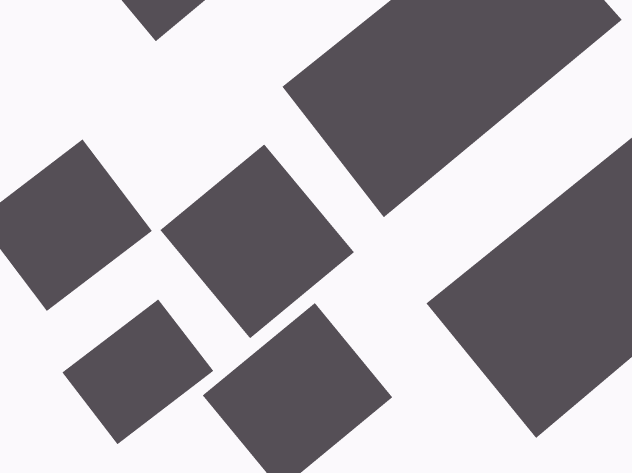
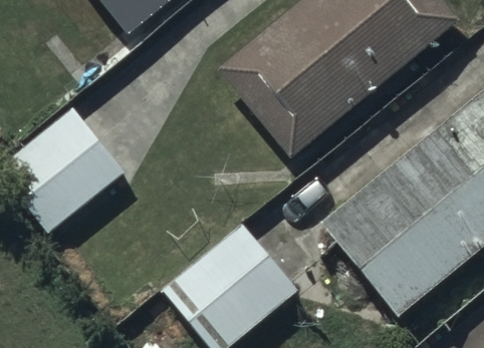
building: [159,143,355,339] -> none
building: [61,299,214,445] -> none

